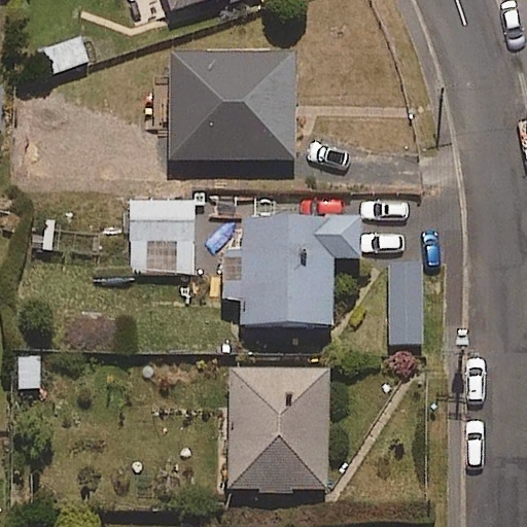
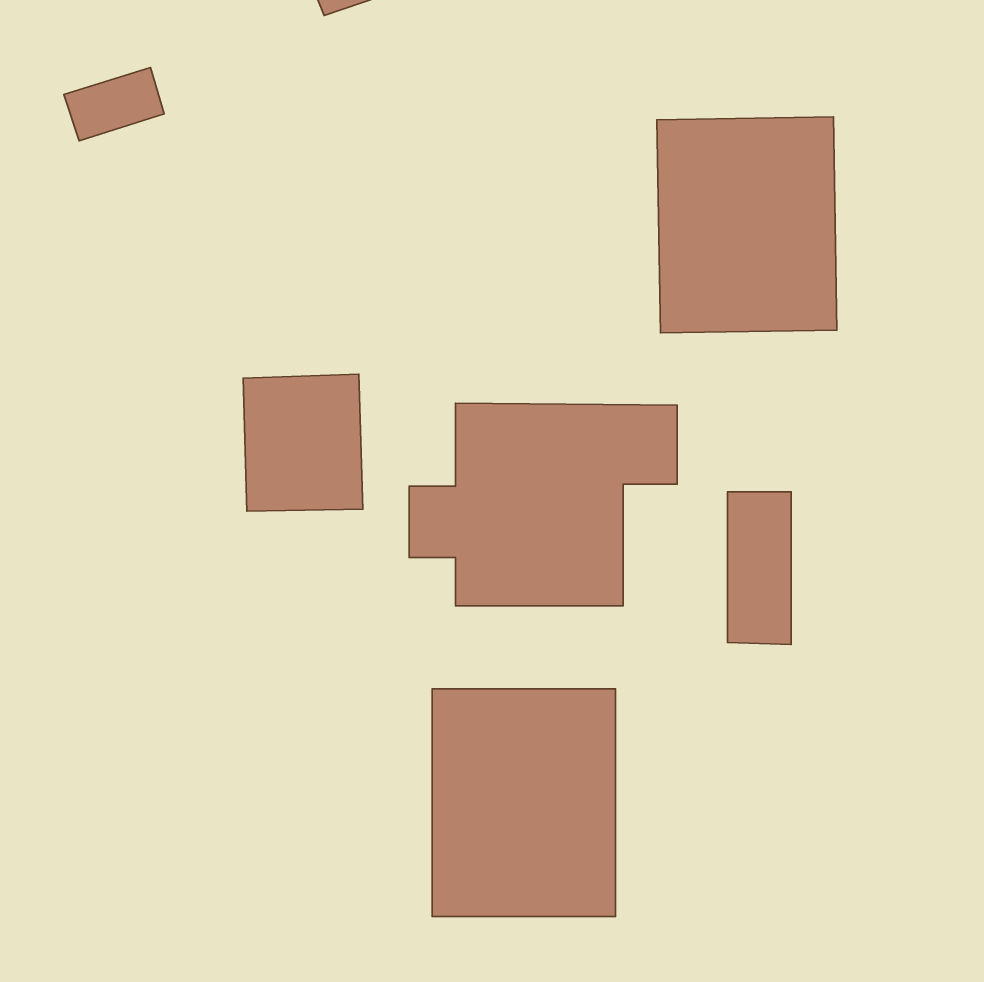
building: [169,54,295,160] -> none
building: none -> [657,117,837,333]

